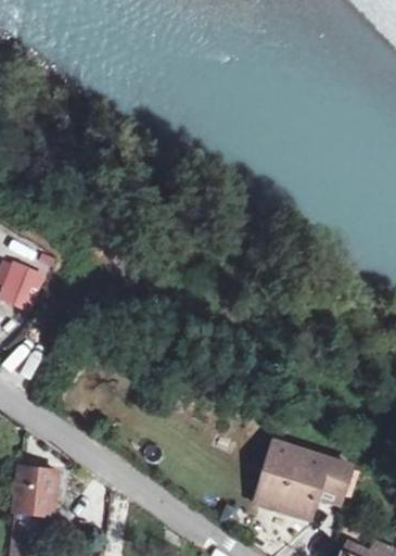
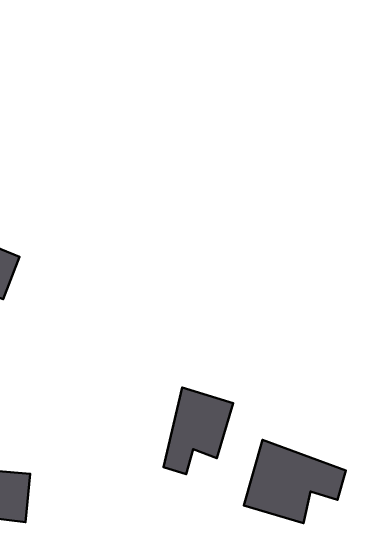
building: none -> [163,388,233,474]

